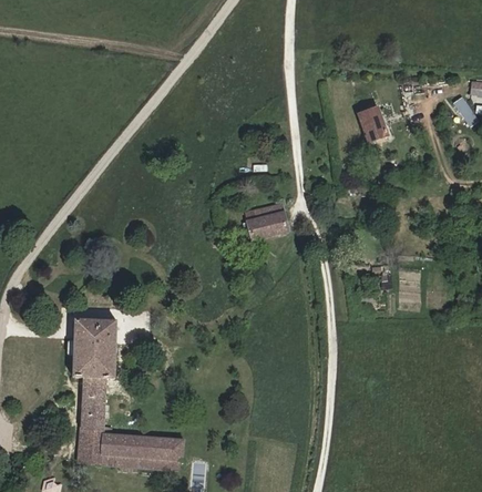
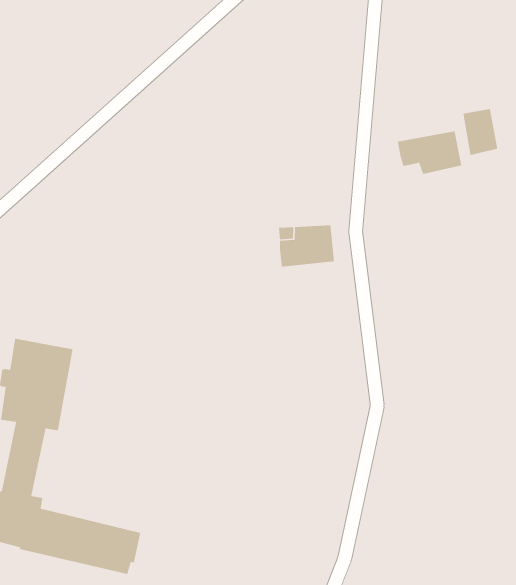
building: none -> [397,130,462,175]

